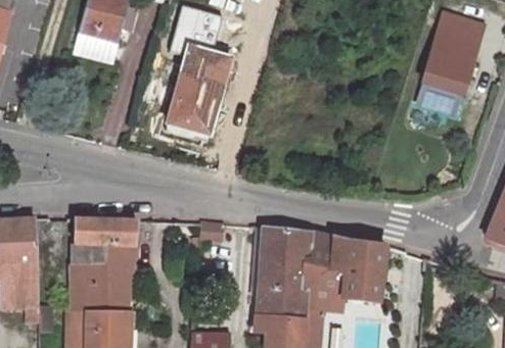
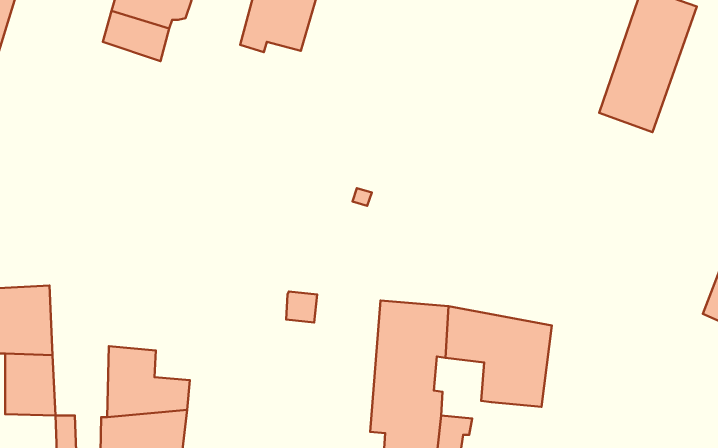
building: [164,49,224,136] -> none
building: [77,218,141,283] -> none
building: [302,266,341,311] -> none

